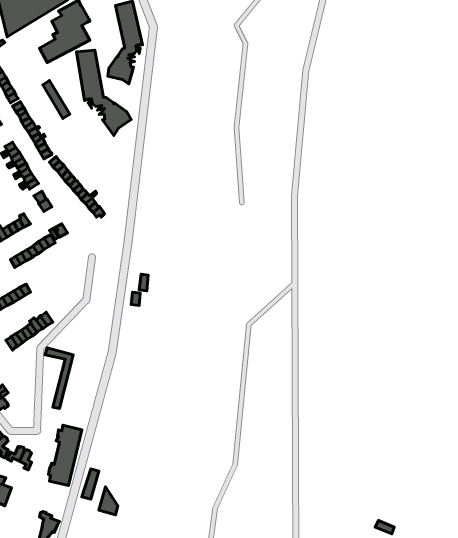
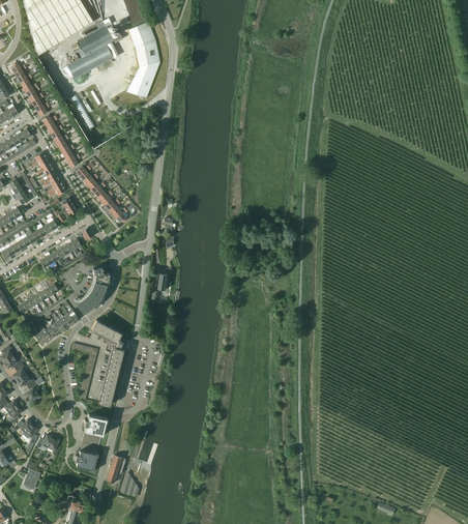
building: [77,50,131,135] -> none
building: none -> [75,268,109,315]
building: none -> [90,320,124,405]

